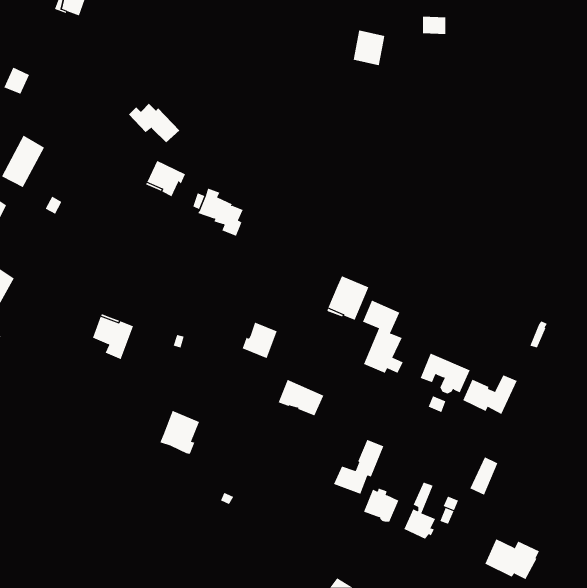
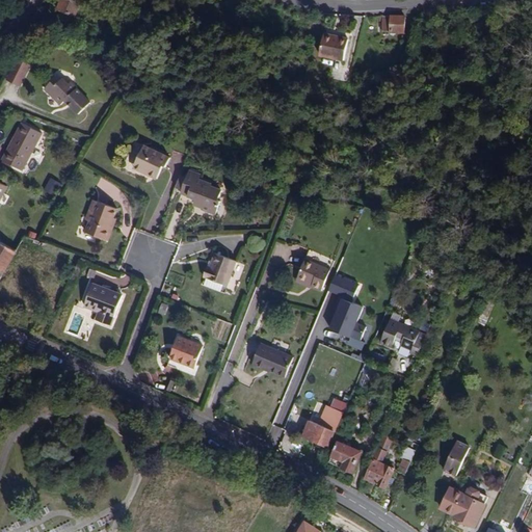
building: [128,103,180,143] -> [43,76,89,112]
building: none -> [84,198,115,239]
building: [242,322,277,359] -> [202,251,234,285]
building: [463,375,517,415] -> none
building: [160,410,200,454] -> [165,335,202,374]
building: [469,456,498,496] -> [442,440,468,475]

